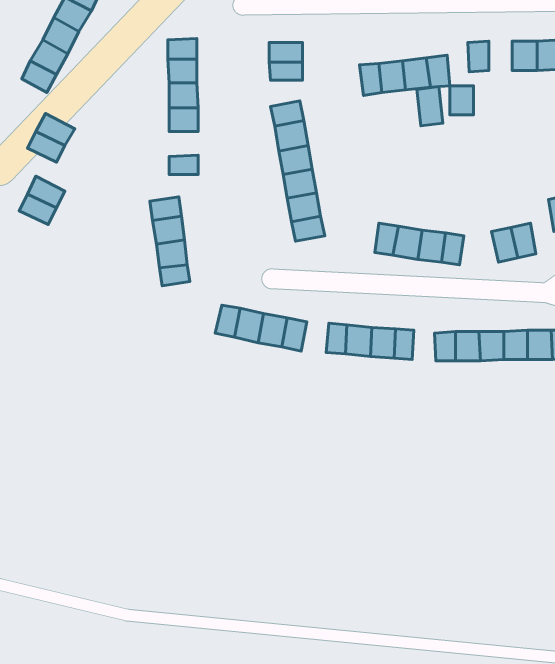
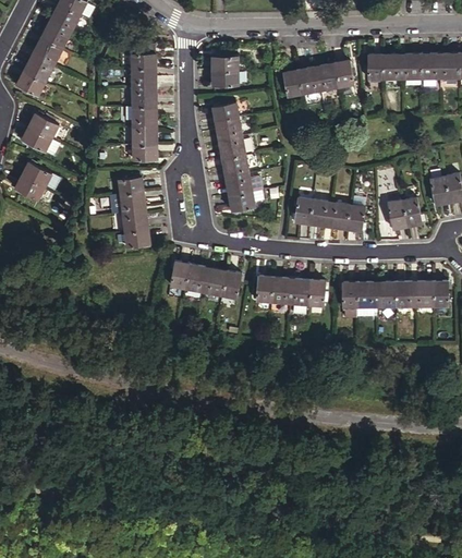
building: [450,86,473,115] -> [384,54,402,77]
building: [417,86,443,126] -> none
building: none -> [133,125,156,145]

